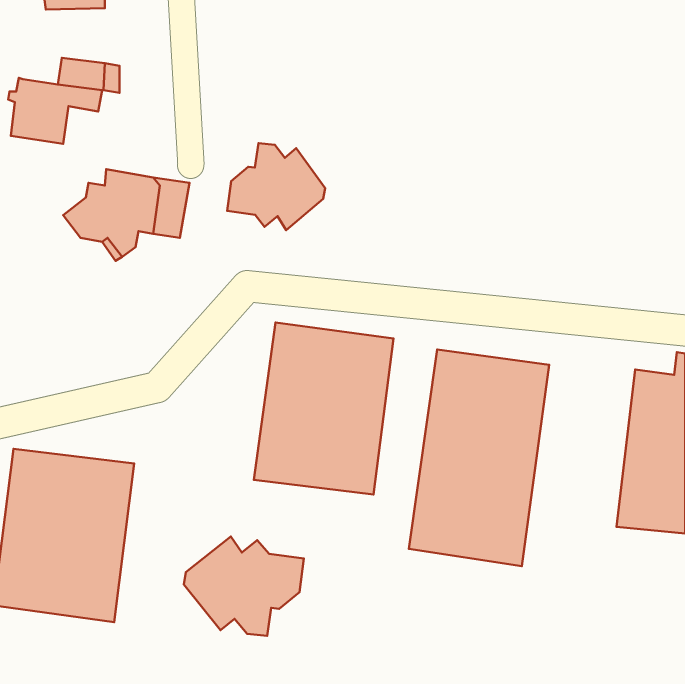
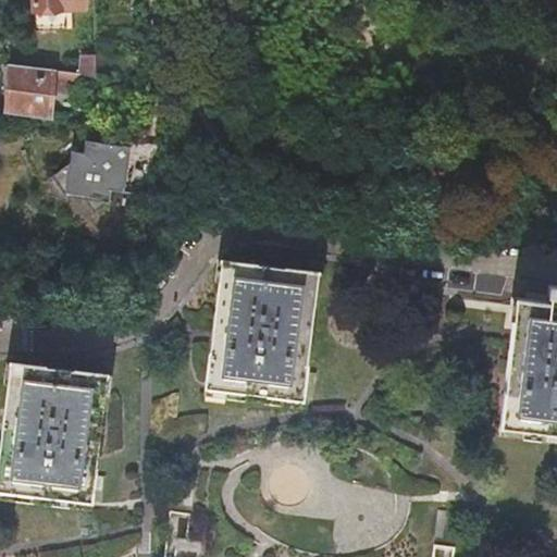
building: [227,143,325,230] -> none
building: [409,349,549,566] -> none
building: [184,537,304,636] -> none

